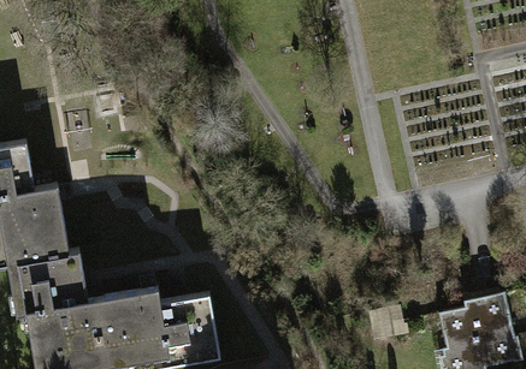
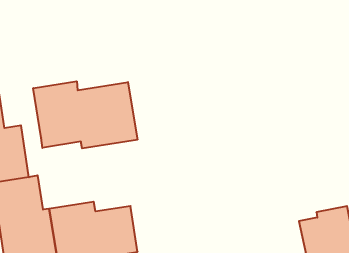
building: none -> [33,81,137,148]

